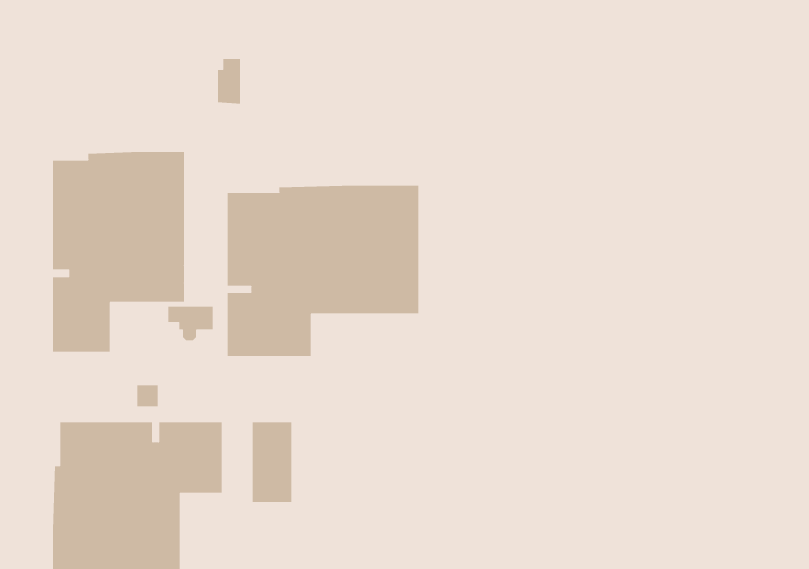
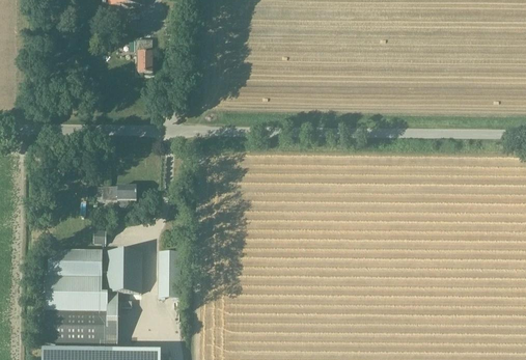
building: [52,151,184,352] -> none
building: [227,185,419,357] -> none

